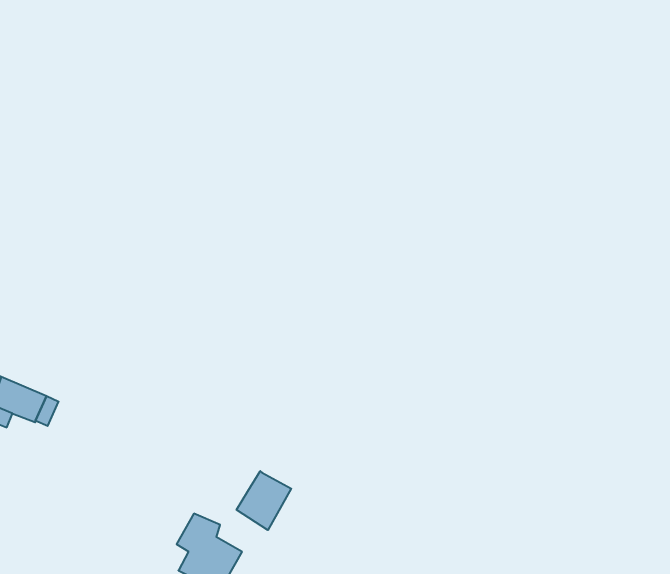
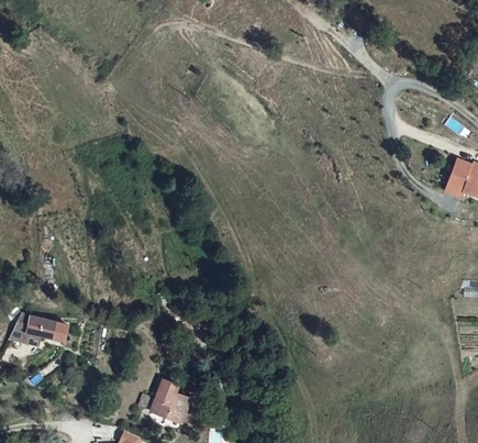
building: [237,471,291,530] -> none

